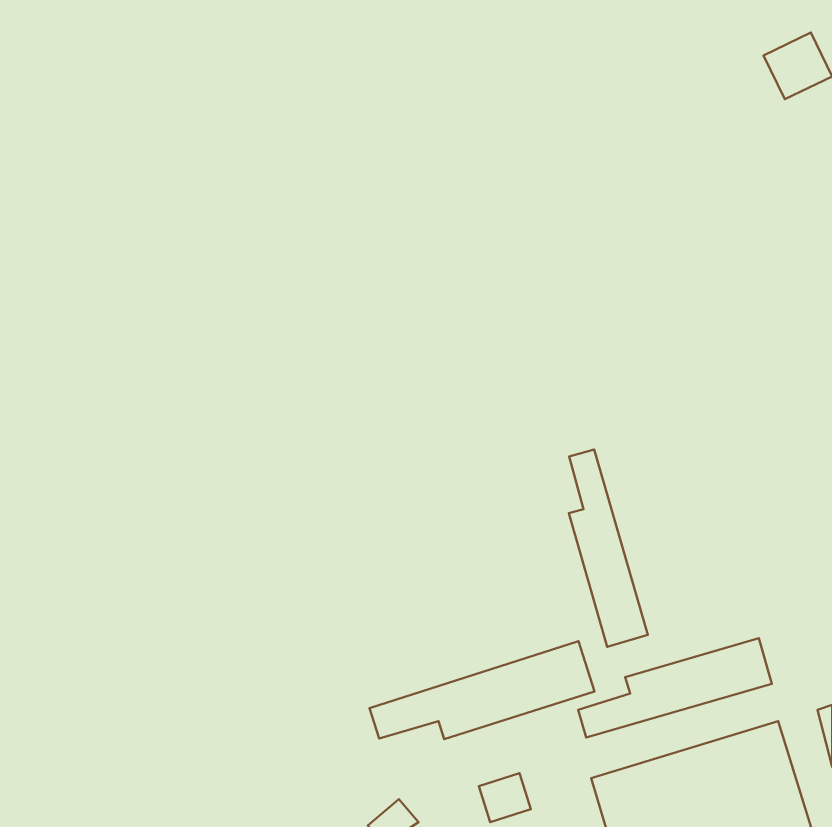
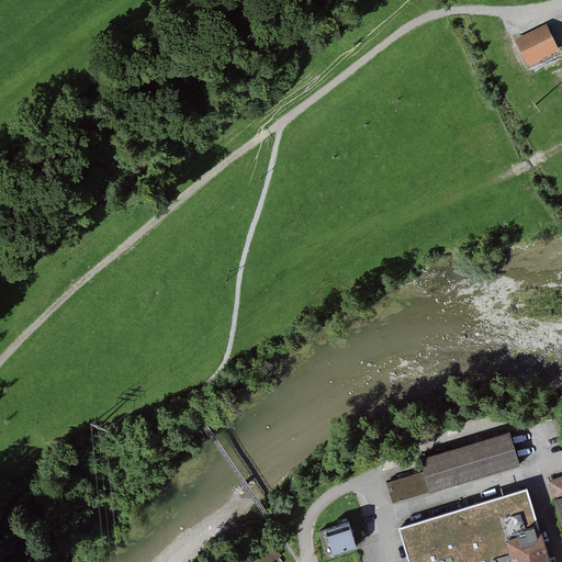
building: [569,449,648,647] -> none
building: [369,641,595,739] -> none

